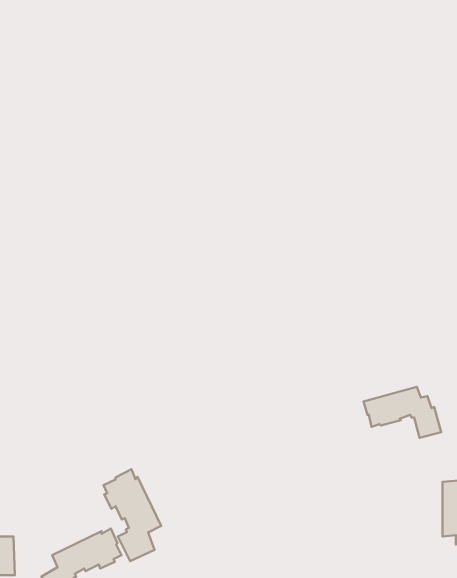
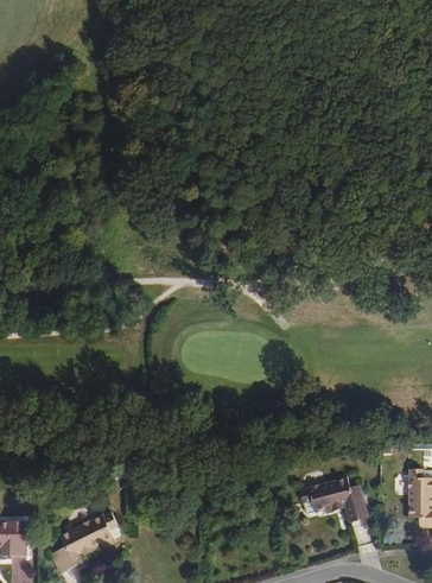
building: [363,387,441,438] -> [300,477,369,522]
building: [103,469,161,561] -> none

